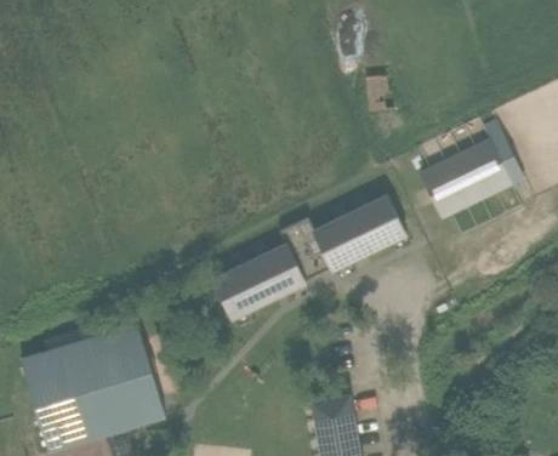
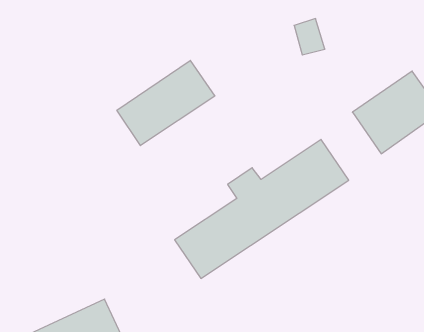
building: none -> [117,60,215,146]

